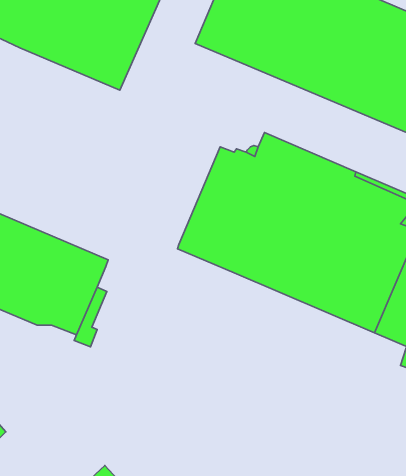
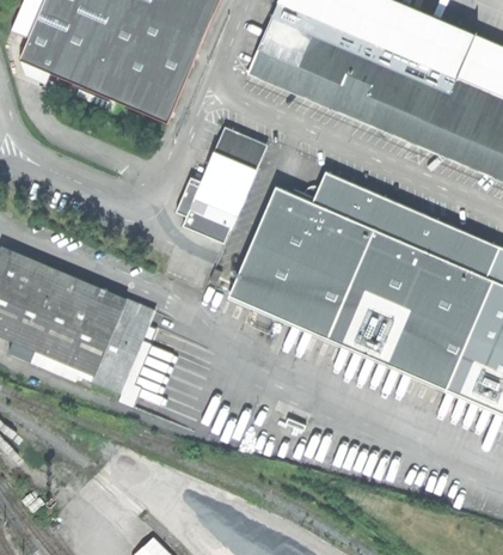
building: none -> [176,126,269,242]

